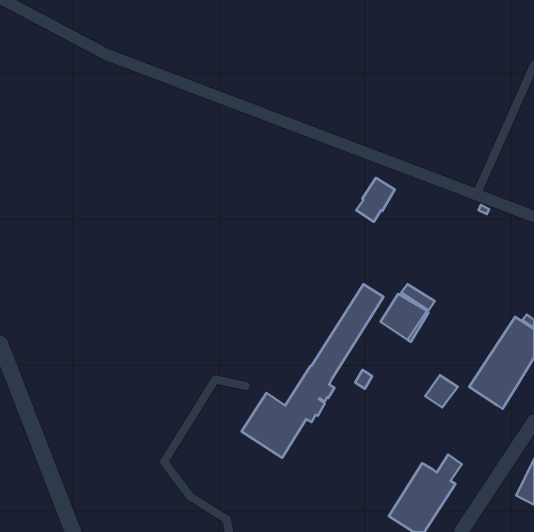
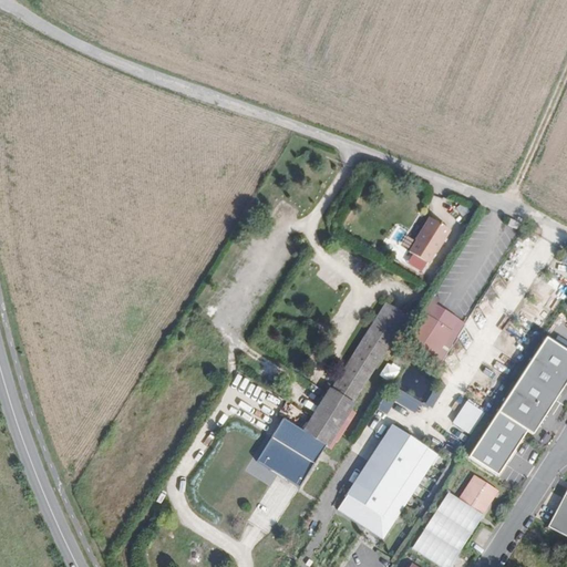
building: [356,178,395,222] -> [408,216,449,262]
building: none -> [467,410,527,474]
building: none -> [338,425,440,540]
building: none -> [458,473,498,513]

